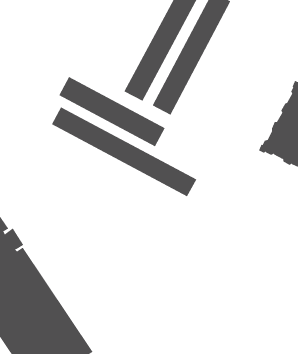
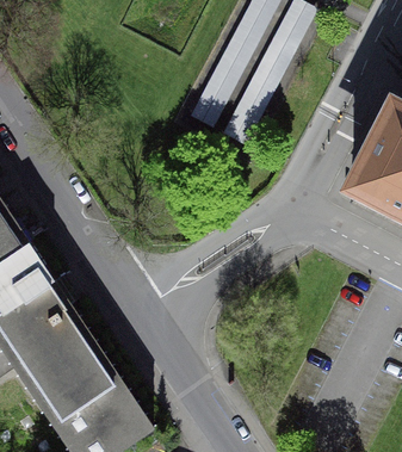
building: [59,76,165,147] -> none
building: [51,106,197,197] -> none

